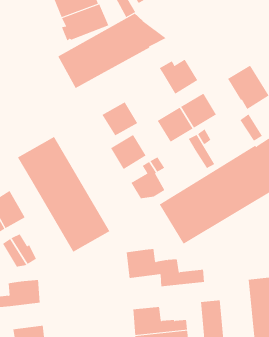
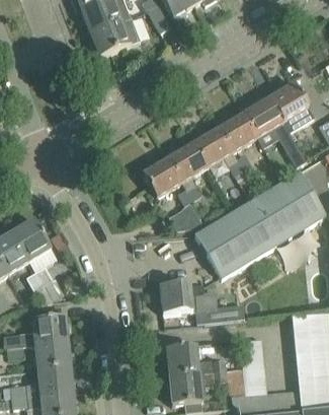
building: [58,13,167,89] -> none
building: [159,59,198,94] -> [241,98,283,137]
building: [102,102,138,136] -> [168,144,208,182]
building: [17,136,110,253] -> none
building: none -> [35,341,71,369]

